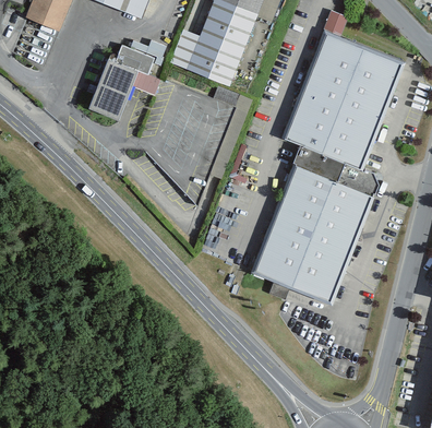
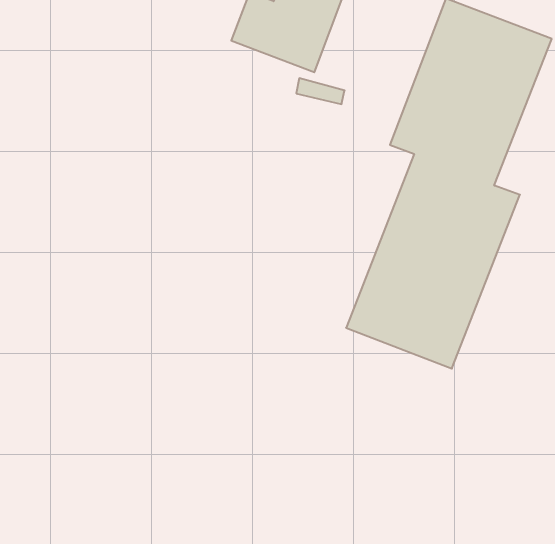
building: [89,45,161,119] -> none

